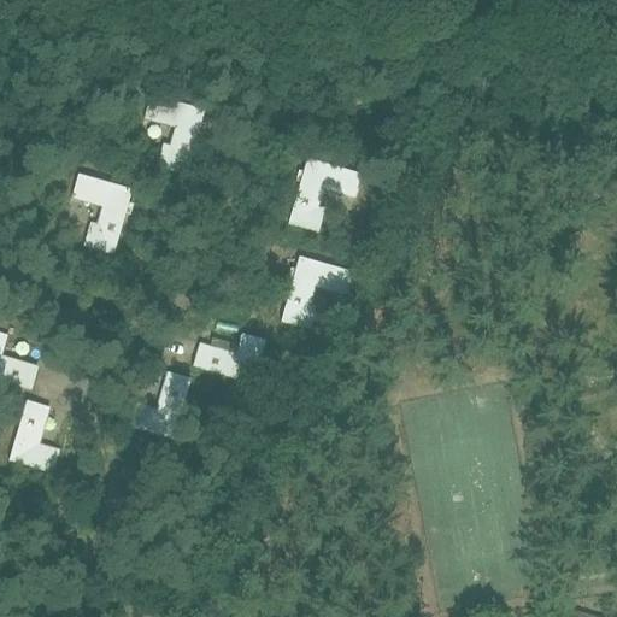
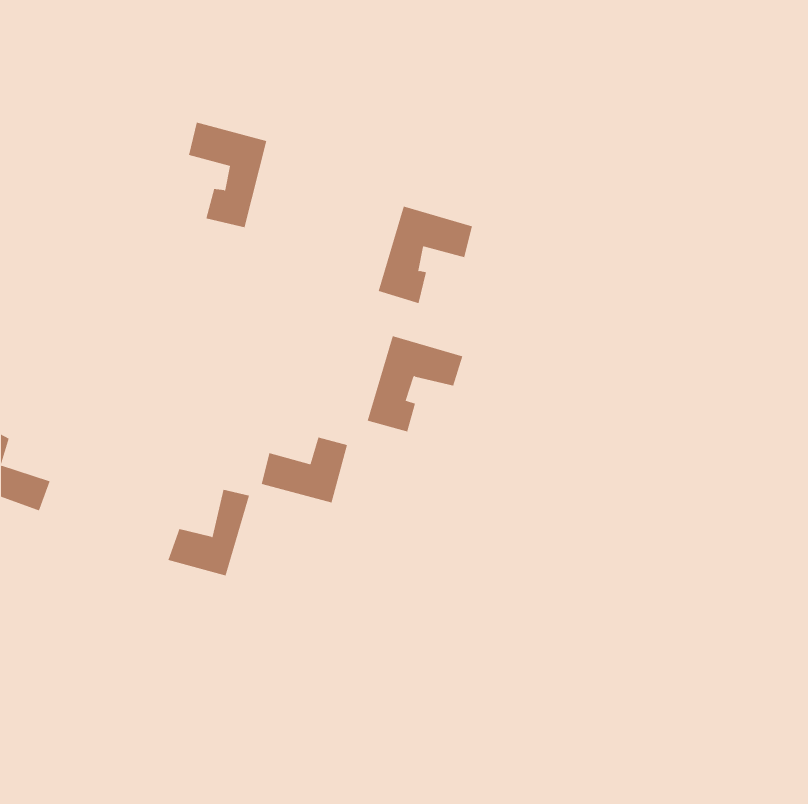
building: [71,172,131,253] -> none
building: [8,399,60,472] -> none

